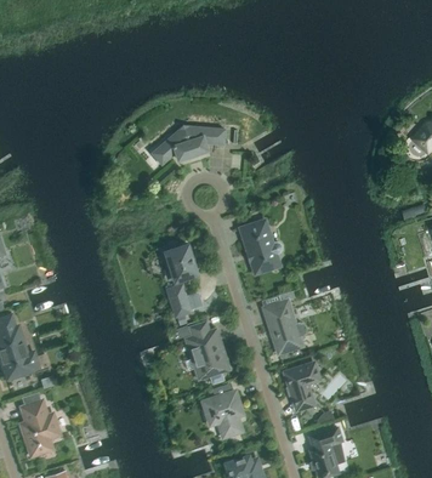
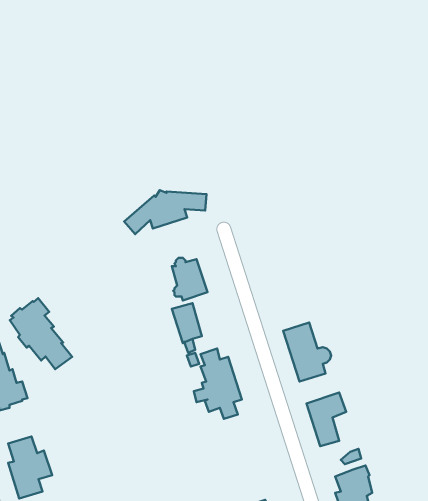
building: [152,125,224,164] -> [124,190,206,234]
building: [240,220,282,272] -> none
building: none -> [10,298,72,369]
building: [203,391,241,437] -> none

